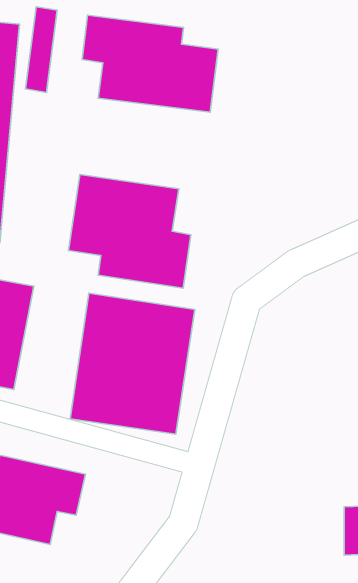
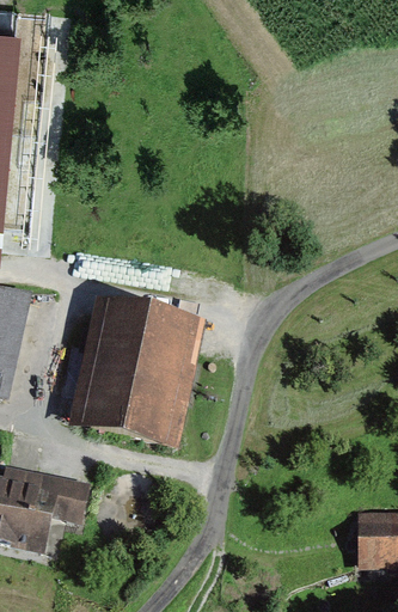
building: [82,15,218,112] -> none
building: [68,175,191,288] -> none

